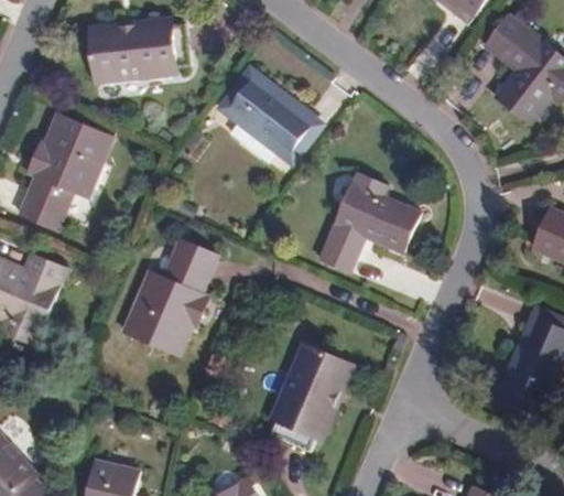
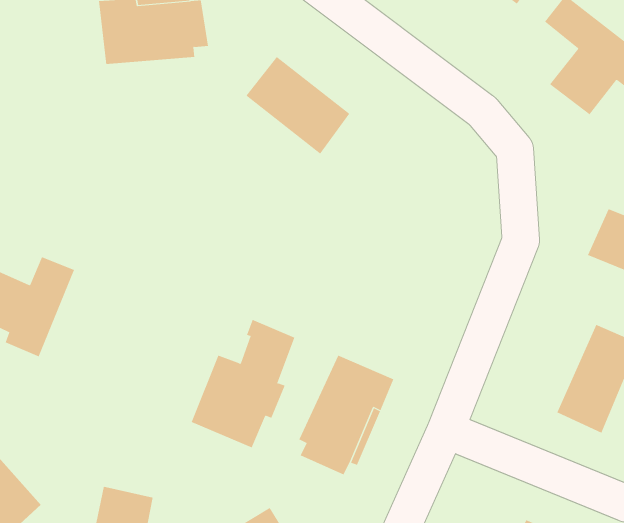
building: [21,110,116,226] -> none
building: [318,176,419,276] -> none
building: [122,237,216,353] -> [191,319,295,448]

